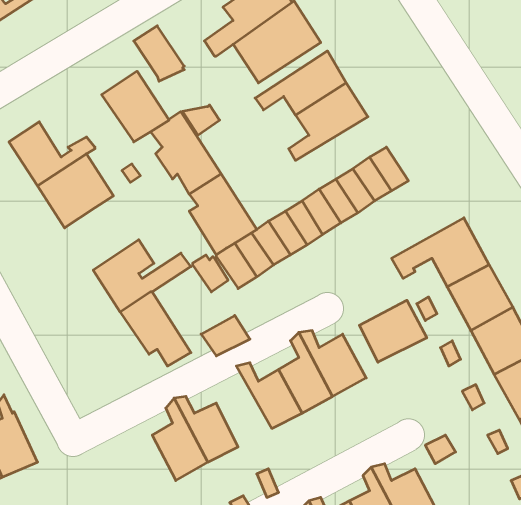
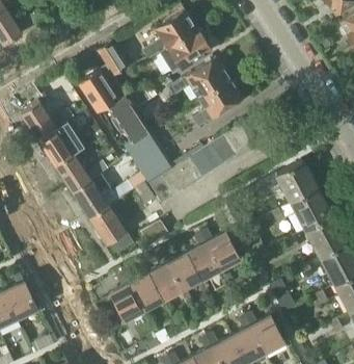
building: none -> [54,154,107,192]
building: [359,300,427,362] -> none
building: none -> [147,252,182,302]

